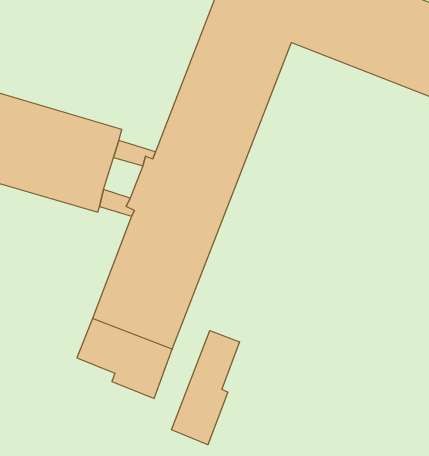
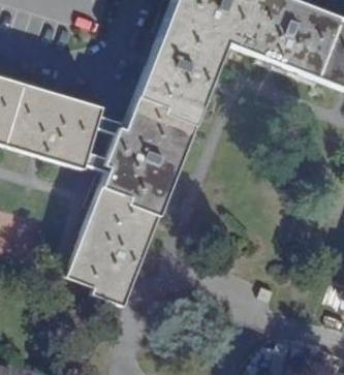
building: [171,331,240,445] -> none

